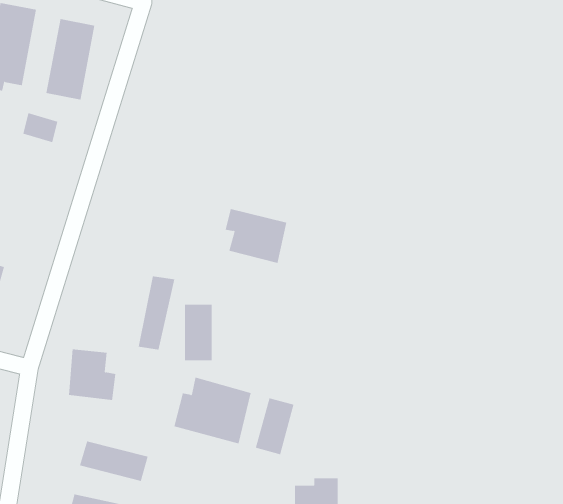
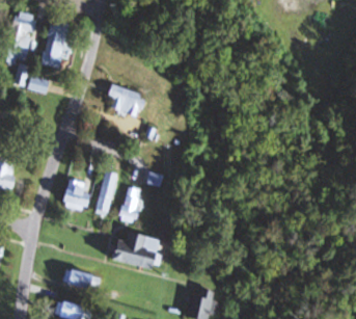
building: [225,208,287,263] -> [108,84,144,116]
building: [68,349,116,400] -> [64,180,92,210]
building: [255,398,294,455] -> none

